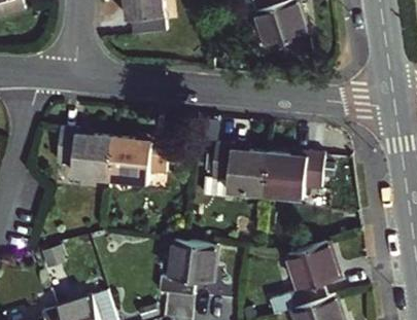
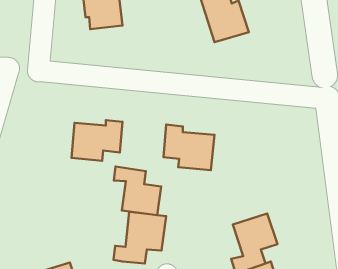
building: [58,127,114,177] -> none
building: [266,149,324,193] -> none
building: none -> [114,167,161,215]

